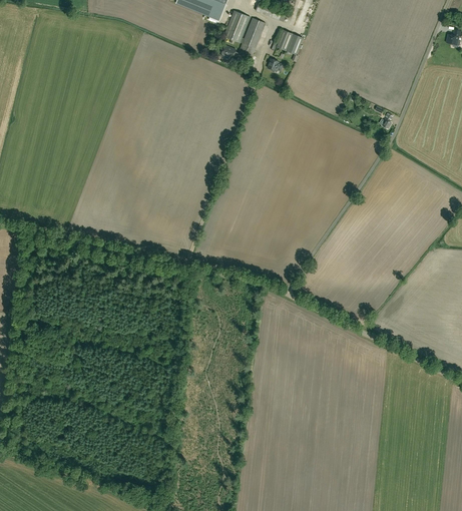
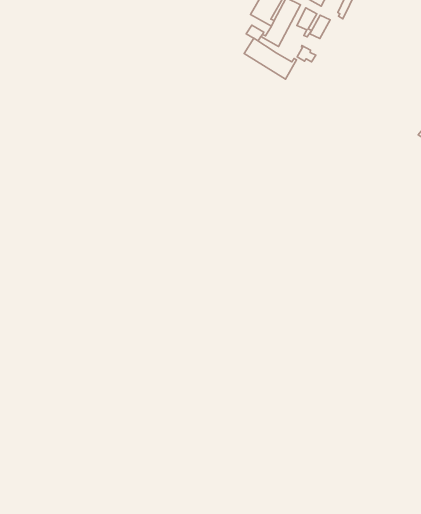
building: none -> [244,38,297,79]

